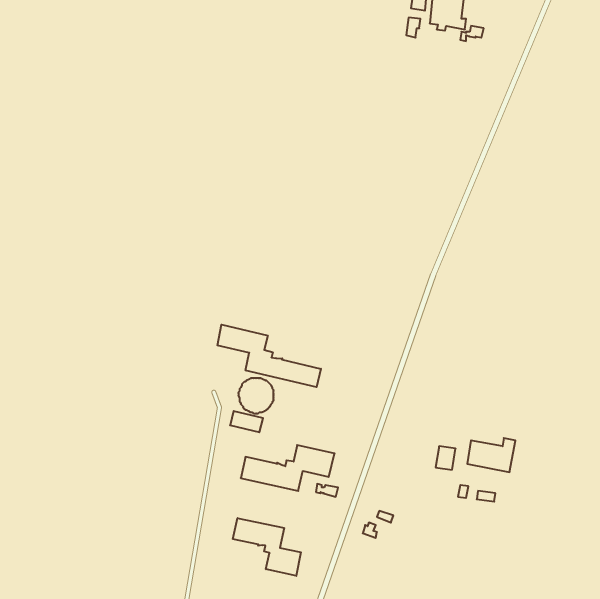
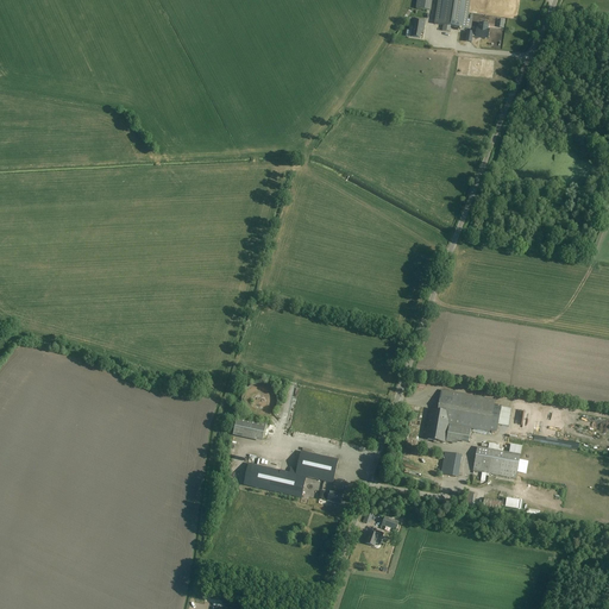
building: [217,325,321,387] -> none
building: none -> [425,389,495,442]
building: [233,518,301,576] -> none

